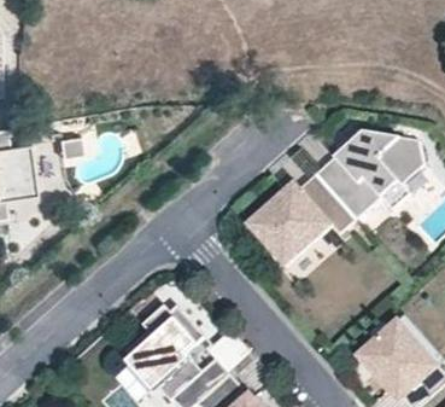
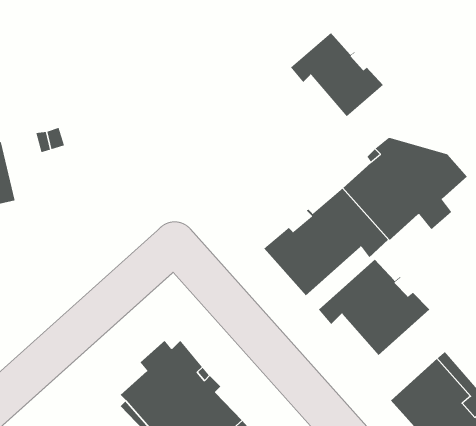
building: none -> [290,32,384,117]
building: none -> [318,259,430,356]

